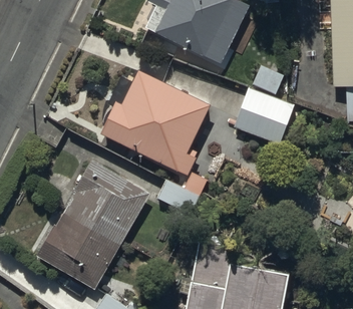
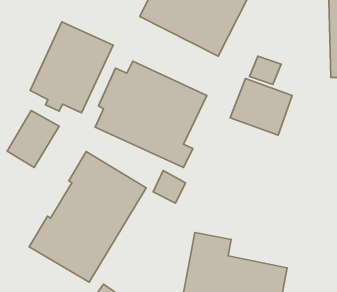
building: none -> [30,22,113,113]
building: none -> [7,110,59,168]

